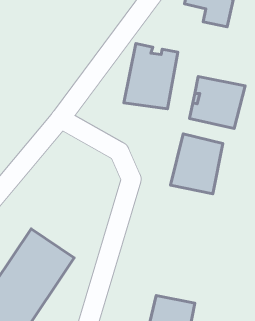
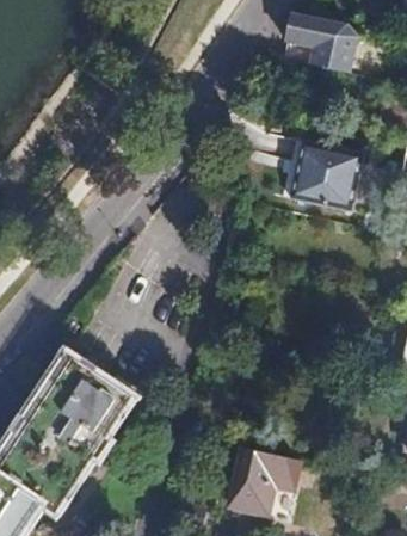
building: [124,44,178,109] -> none
building: [171,134,223,194] -> none

